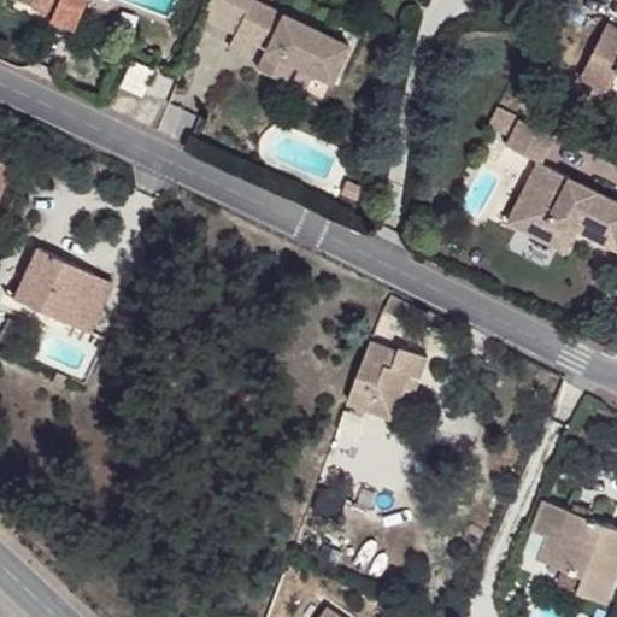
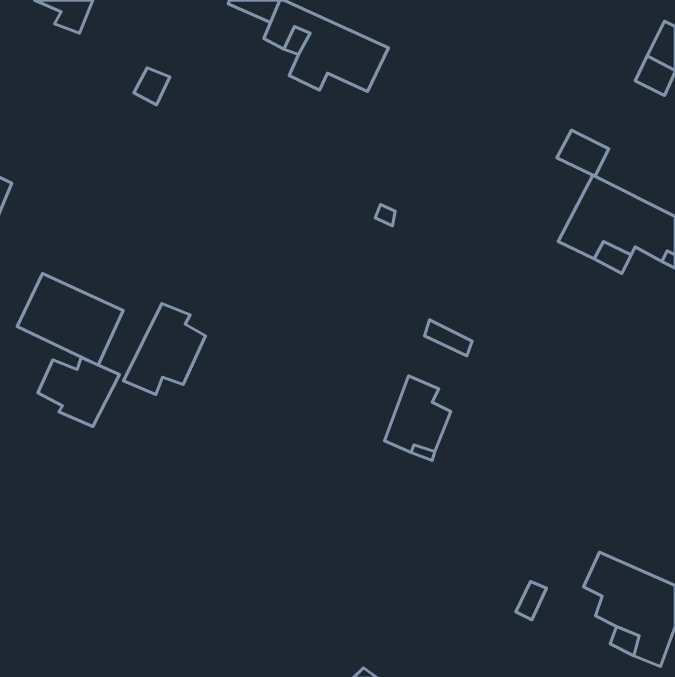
building: none -> [124,303,206,395]
building: none -> [38,358,120,427]

